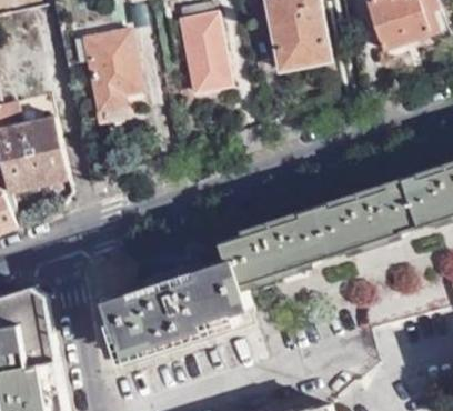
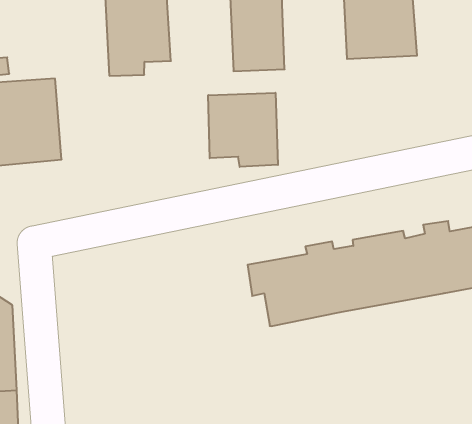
building: none -> [208,93,278,167]
building: [110,258,254,352] -> none

